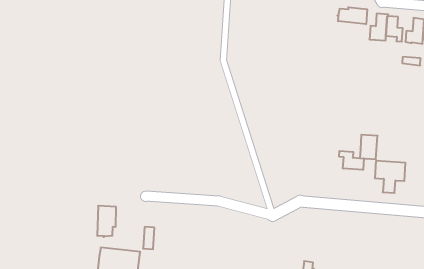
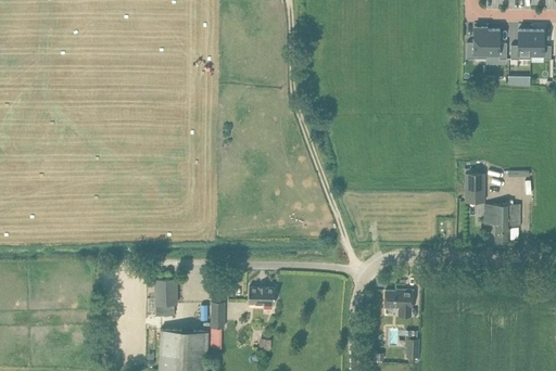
building: [338,7,367,24] -> none
building: [339,151,364,170] -> none
building: none -> [249,287,277,307]
building: none -> [384,291,413,317]

